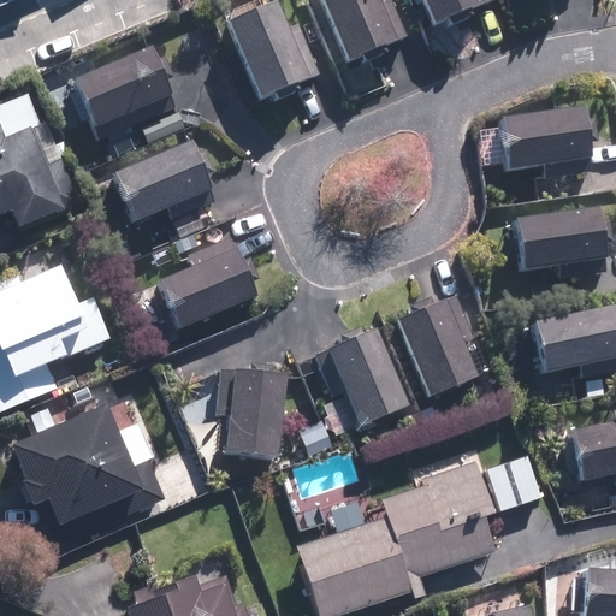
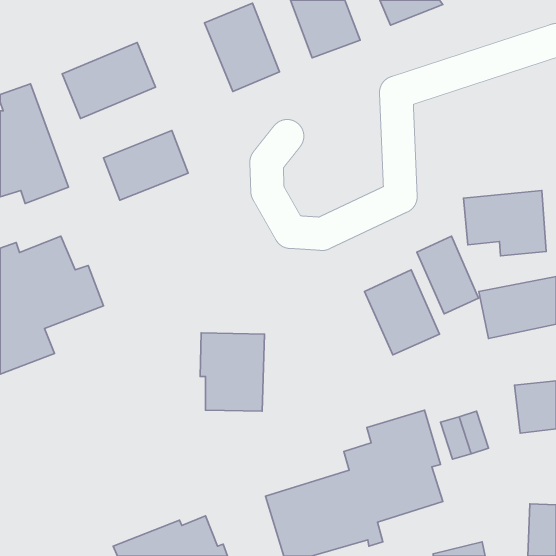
building: [498,105,588,179] -> none
building: [156,237,254,332] -> none
building: none -> [417,236,479,314]
building: [324,332,411,431] -> none
building: [14,401,206,531] -> none

